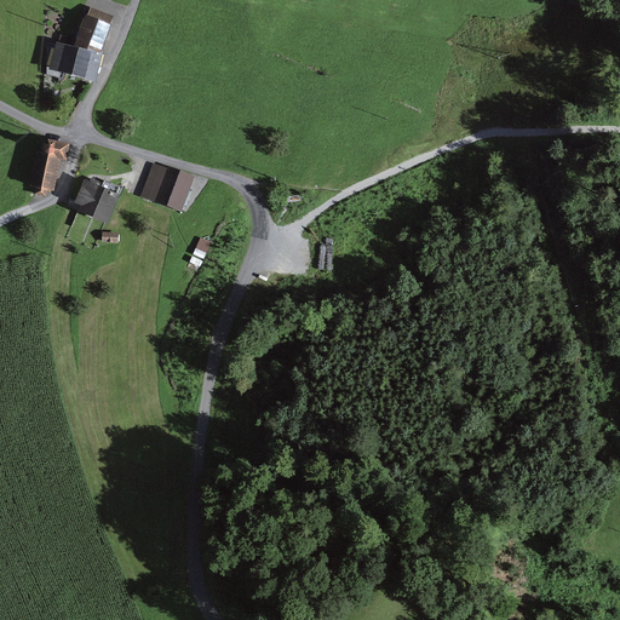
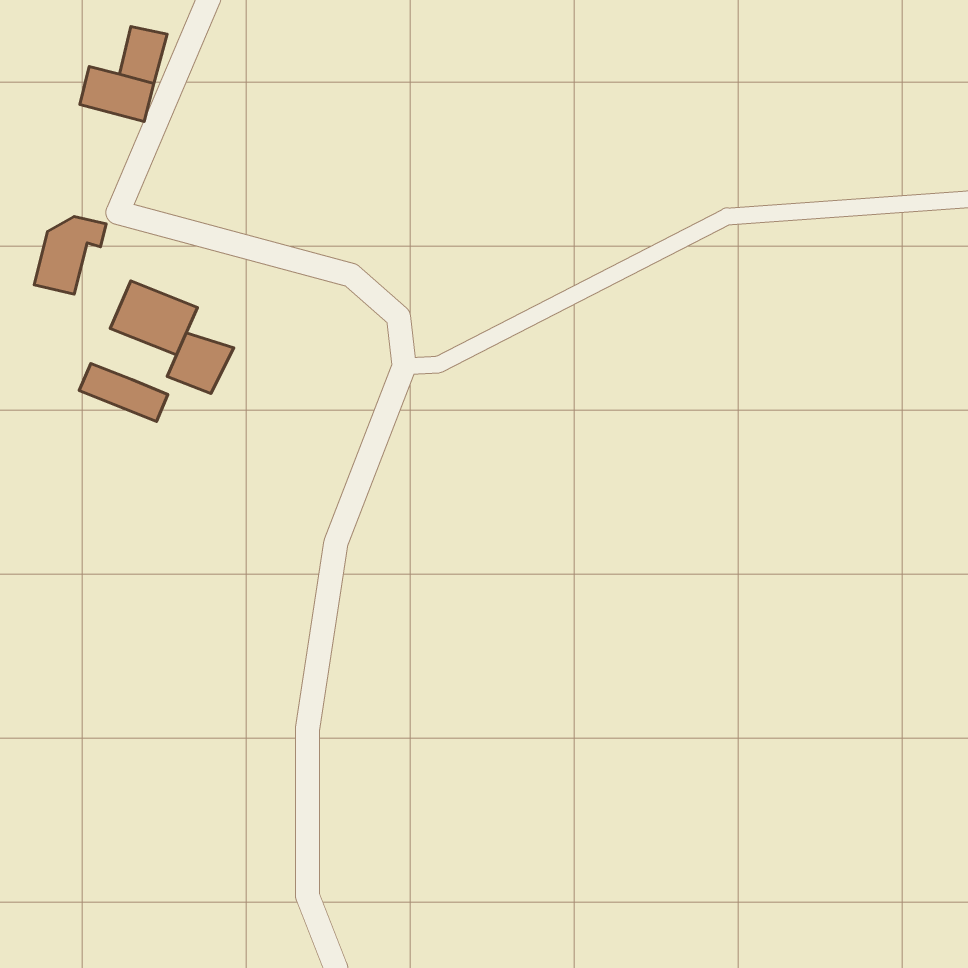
building: [150,166,193,205] -> [167,333,234,393]
building: none -> [79,364,168,421]

